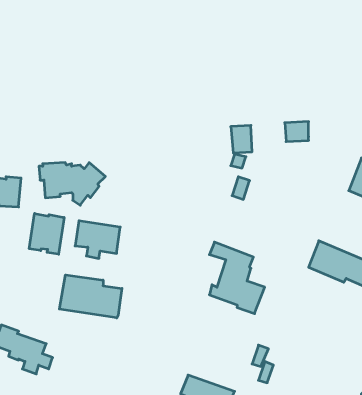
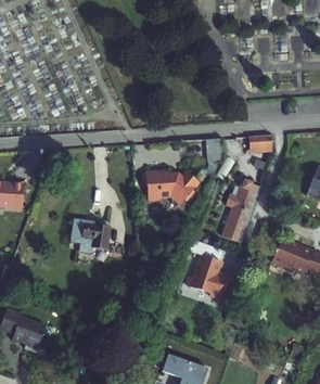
building: [39,163,105,205] -> [142,170,200,207]
building: none -> [221,179,260,243]
building: [29,213,64,254] -> none
building: [59,275,122,318] -> none

